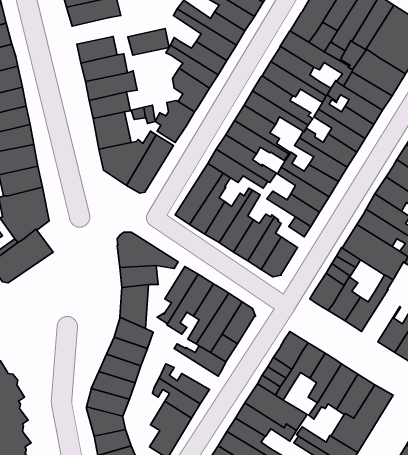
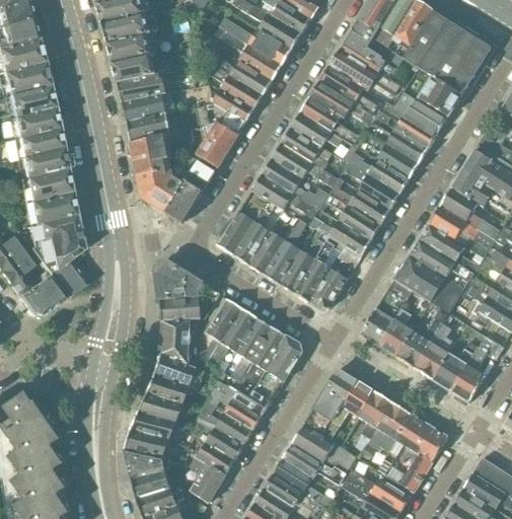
building: [128,28,169,55] -> [107,33,151,62]
building: none -> [415,322,455,378]
building: none -> [207,385,263,429]

